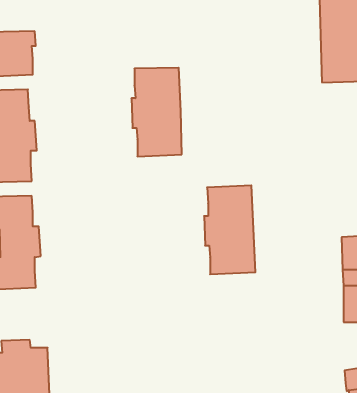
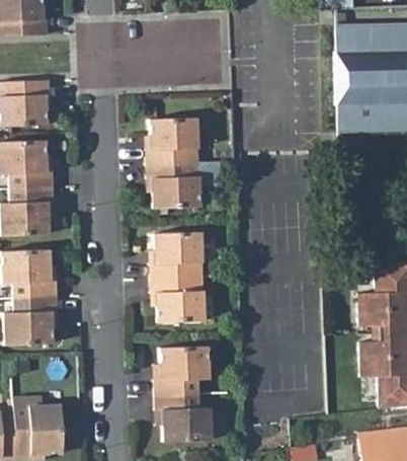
building: [204,185,255,274] -> [152,232,205,323]
building: none -> [156,347,212,442]

